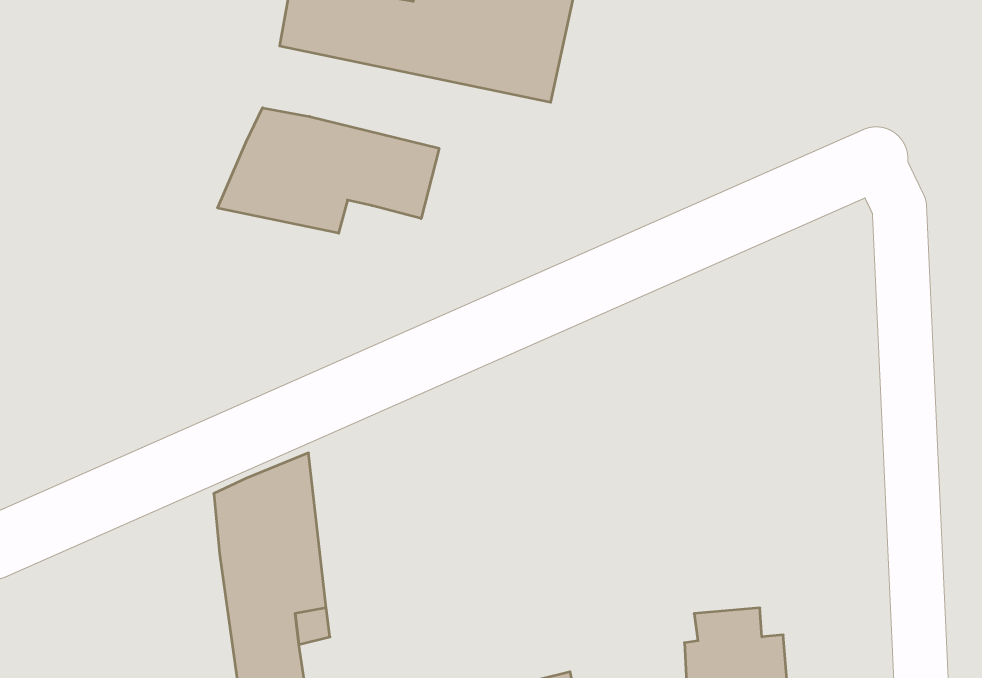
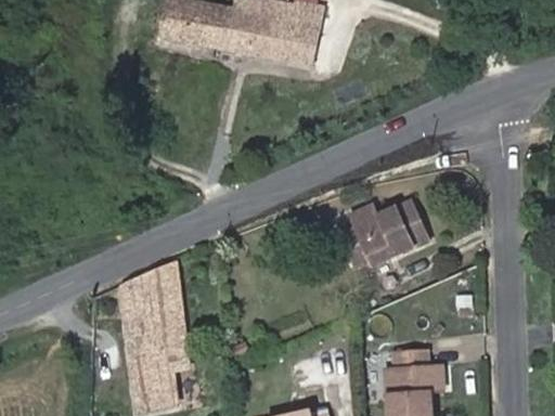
building: [218,108,439,233] -> none
building: none -> [339,200,429,265]

